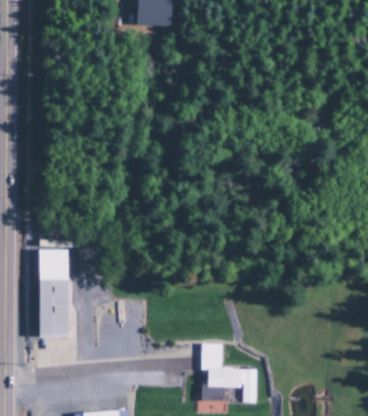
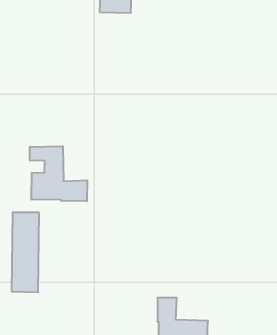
building: none -> [30,146,87,201]

